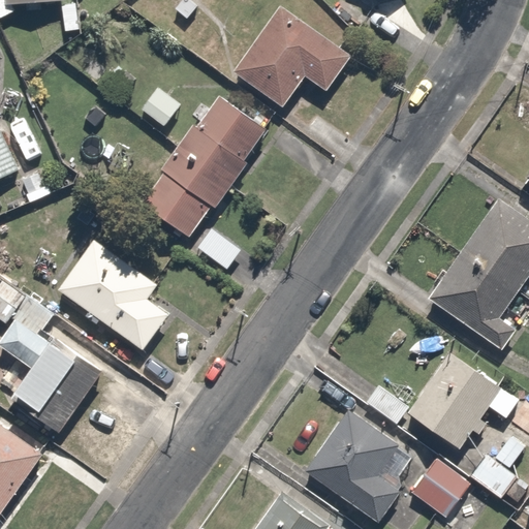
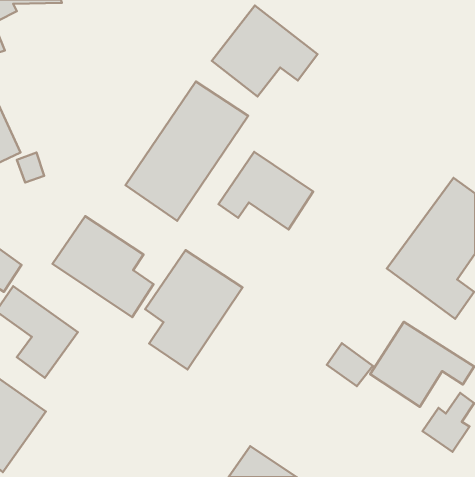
building: none -> [218,152,313,229]
building: none -> [145,250,243,370]
building: [304,407,401,523] -> none
building: [407,455,475,523] -> none

